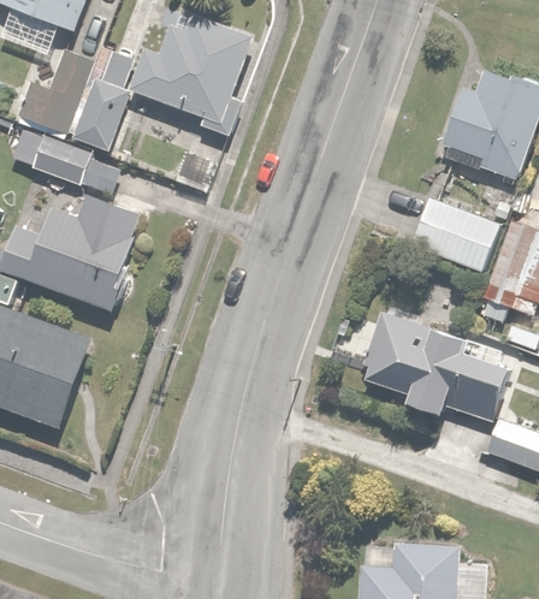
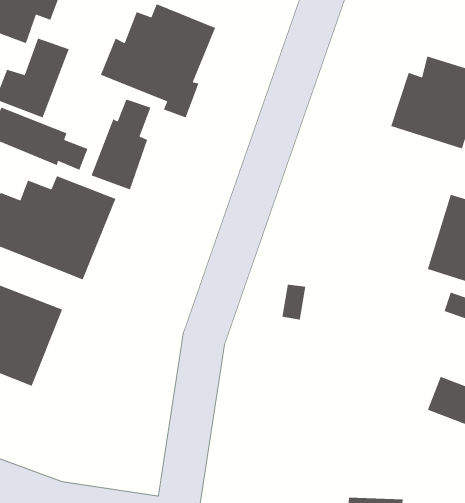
building: [67,52,134,152] -> [90,98,151,190]
building: [410,195,503,274] -> none
building: [357,313,513,421] -> none

